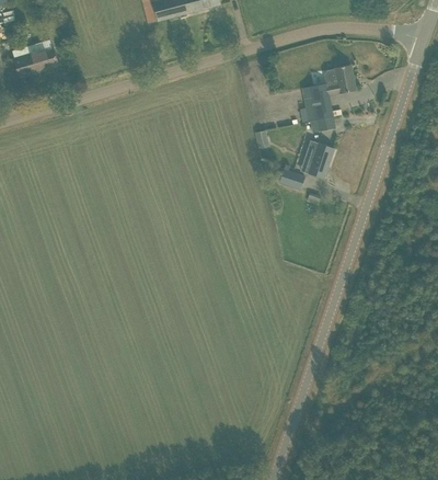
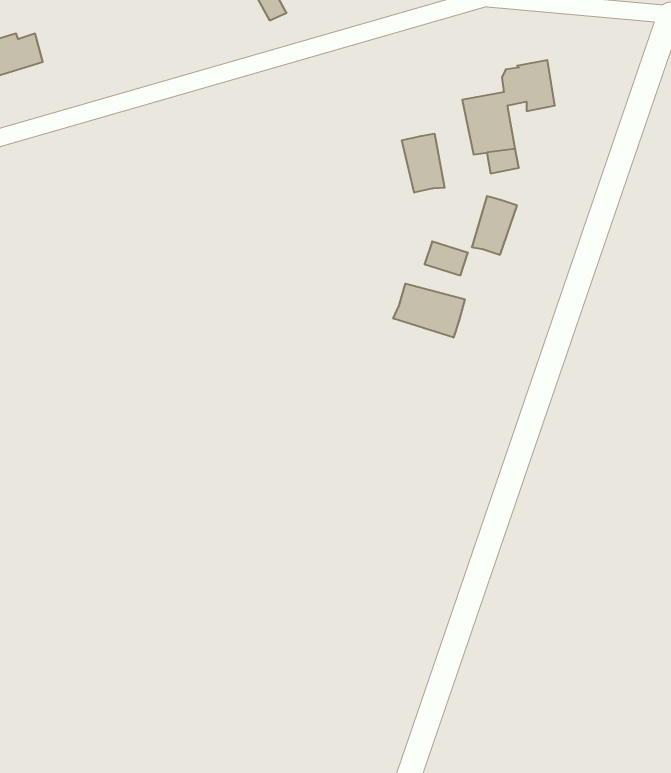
building: none -> [402,134,445,193]
building: none -> [393,284,465,338]

